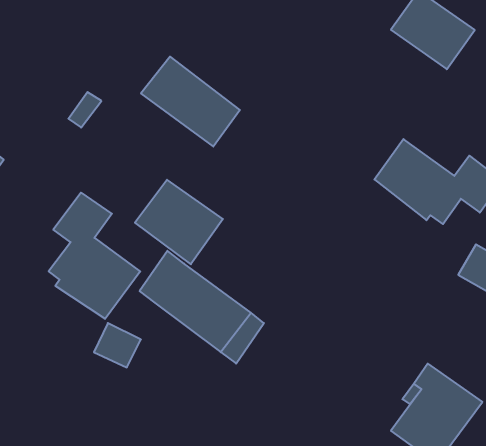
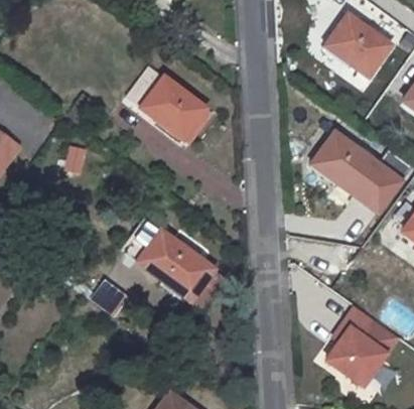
building: [135,180,223,264] -> none
building: [49,193,140,319] -> none

